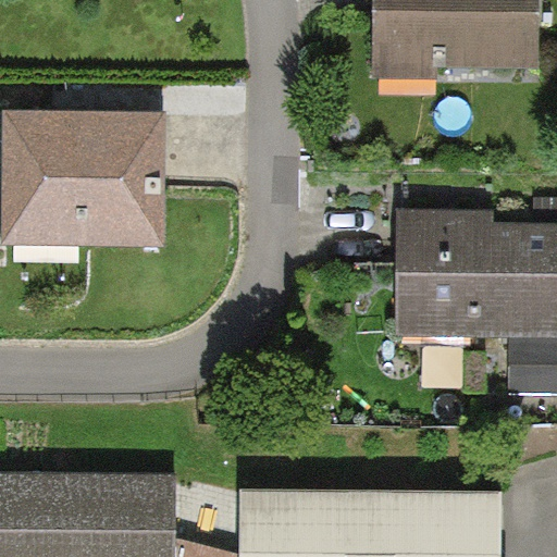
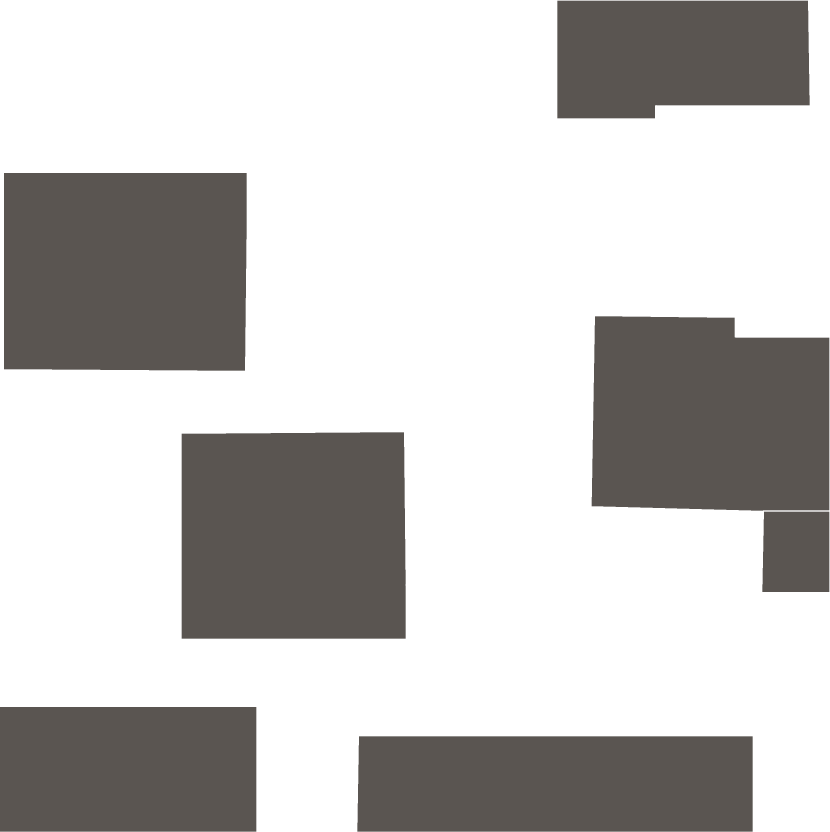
building: none -> [181,432,406,640]

